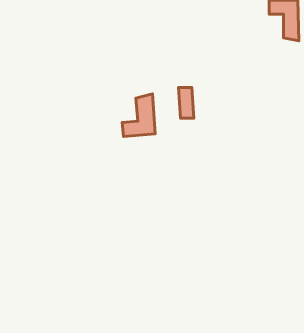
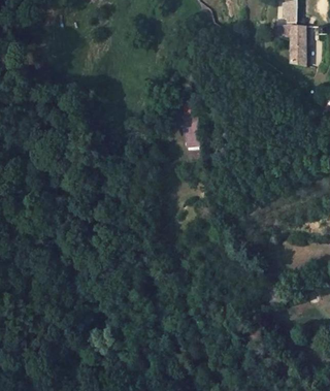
building: [122,94,155,137] -> none

